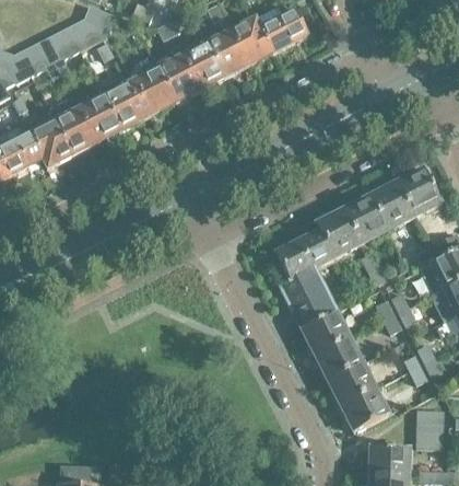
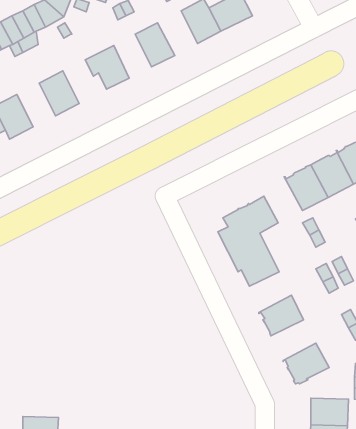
building: [205,30,248,78] -> none
building: [158,55,199,102] -> none
building: [104,82,151,129] -> none
building: [55,107,96,154] -> none
building: [316,208,361,257] -> none
building: [301,310,349,354] -> none
building: [327,361,375,405] -> none

